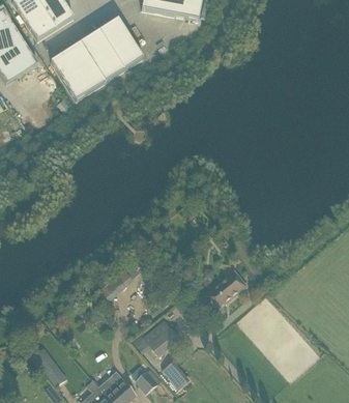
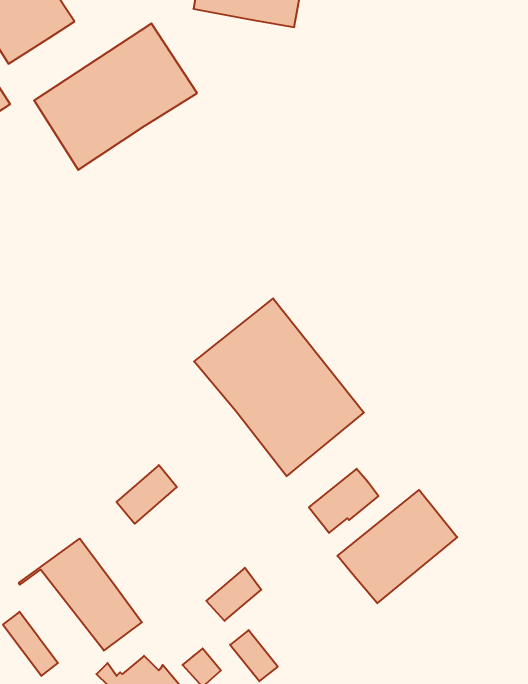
building: none -> [194,298,364,476]
building: none -> [337,490,457,603]
building: none -> [19,539,142,651]

